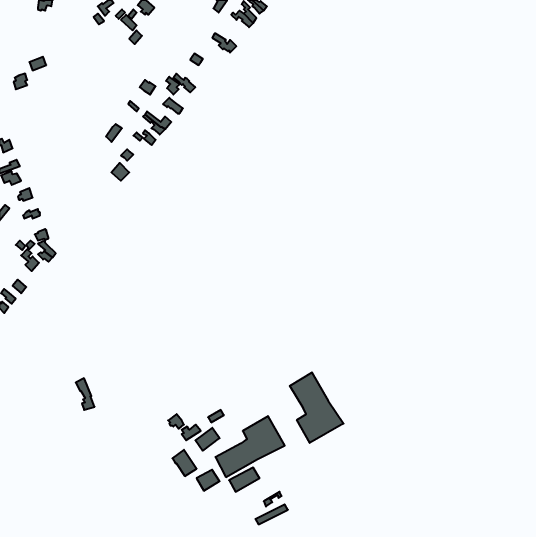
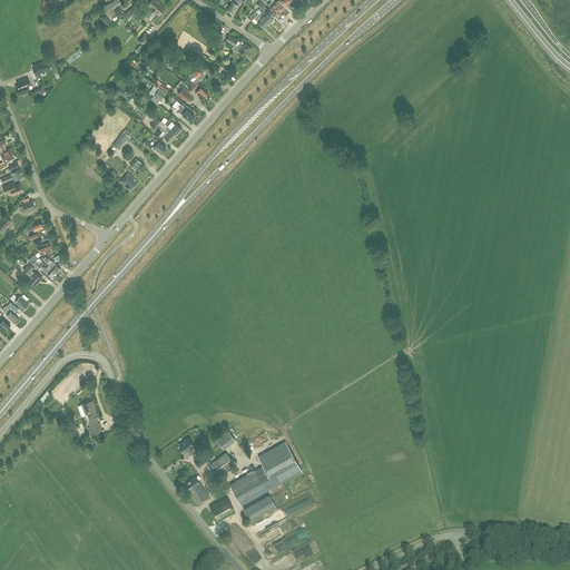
building: [290,372,344,443] -> none

